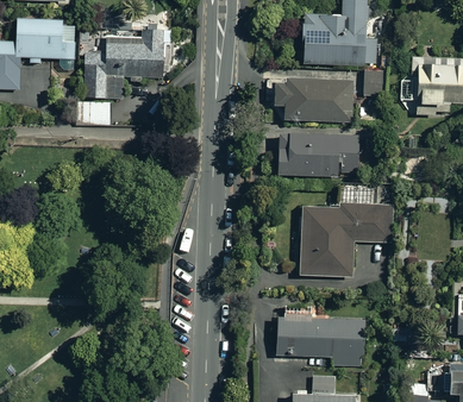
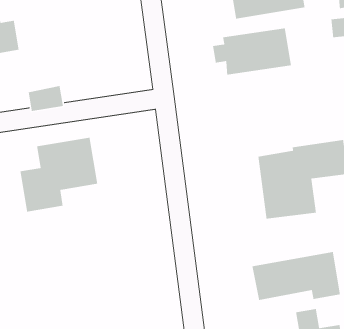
building: [85,31,163,98] -> [20,137,98,212]
building: [364,69,384,96] -> none
building: [277,134,358,176] -> none

